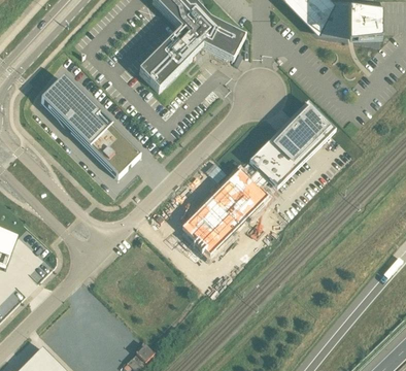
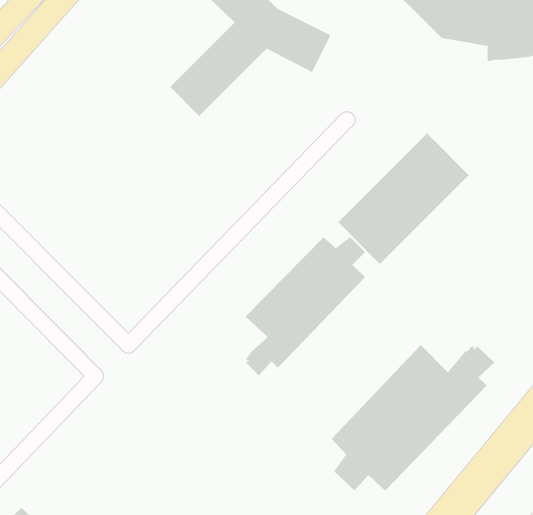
building: [41,76,140,175] -> none
building: none -> [331,344,495,491]

